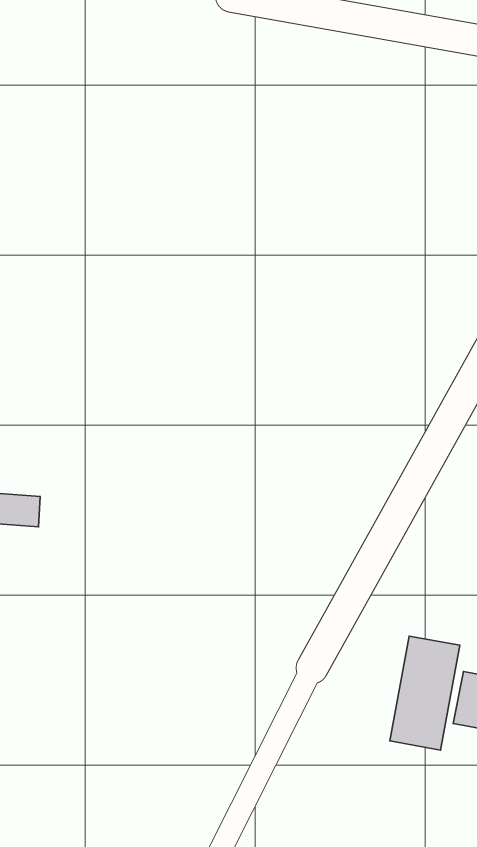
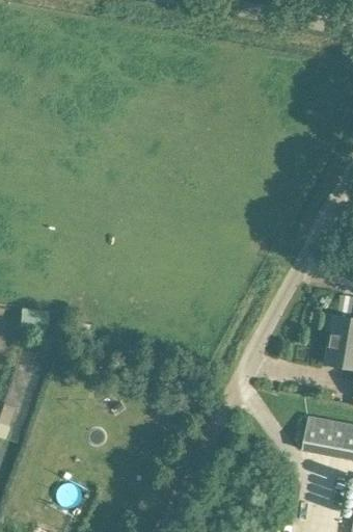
building: [390,636,460,750] -> none

